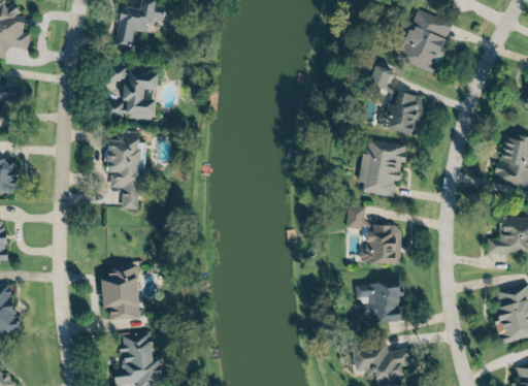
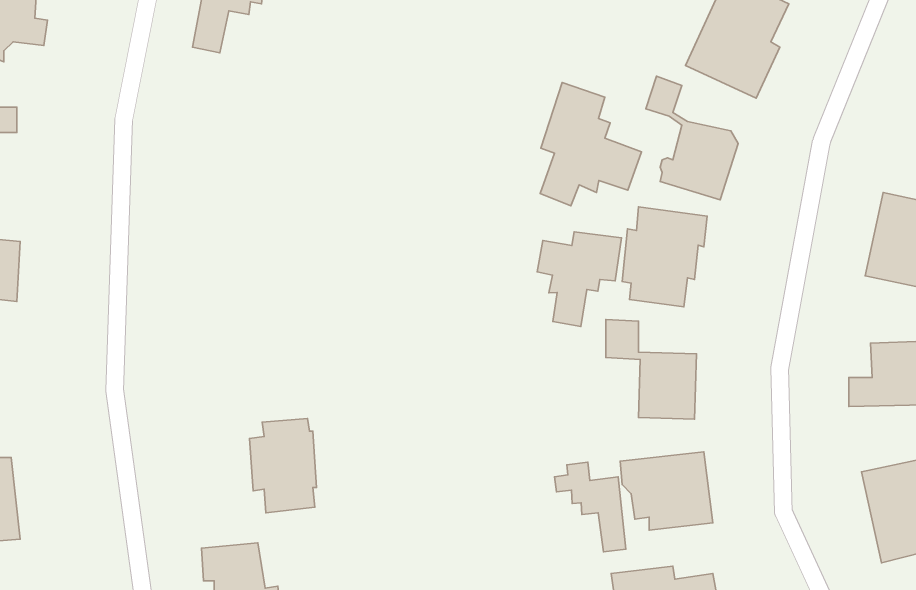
building: [106,66,157,119] -> none
building: none -> [540,82,642,206]
building: [105,136,142,208] -> none
building: none -> [537,232,621,327]
building: [103,267,141,321] -> [250,418,317,513]
building: none -> [554,462,626,552]

